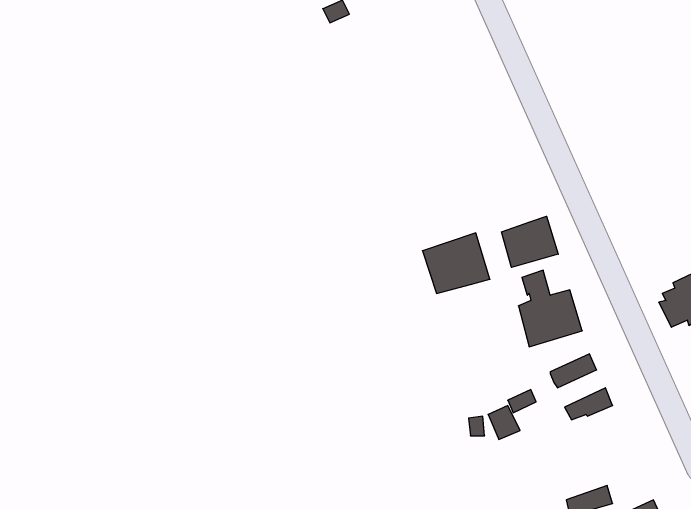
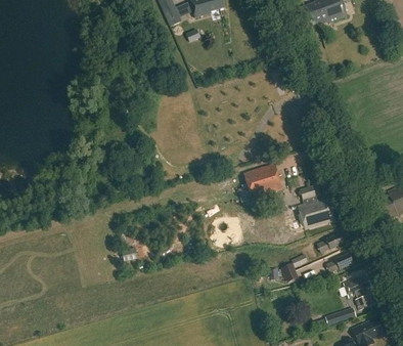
building: [501,216,558,267] -> none
building: none -> [346,275,373,309]

